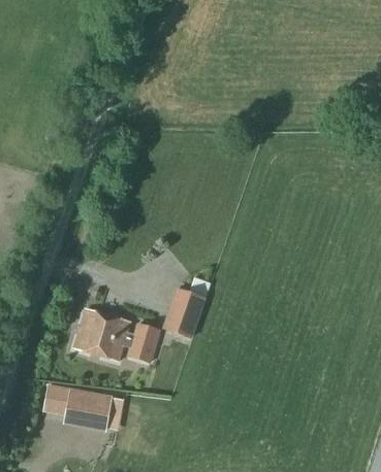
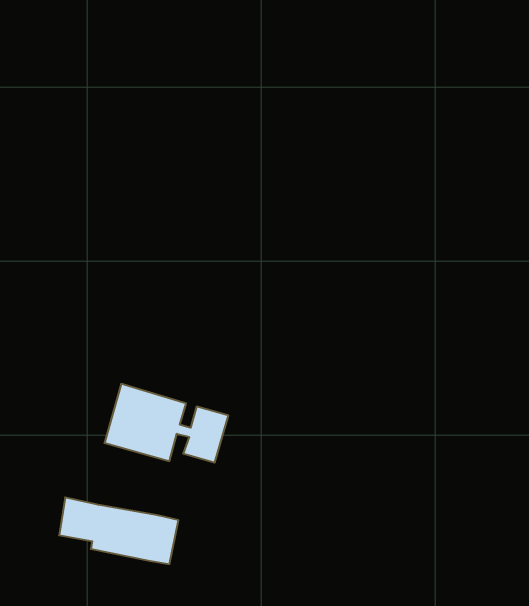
building: [163,276,210,335] -> none

